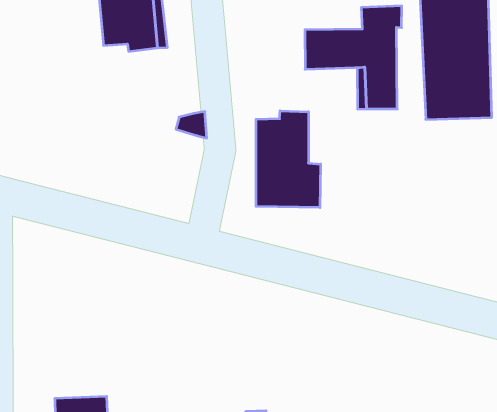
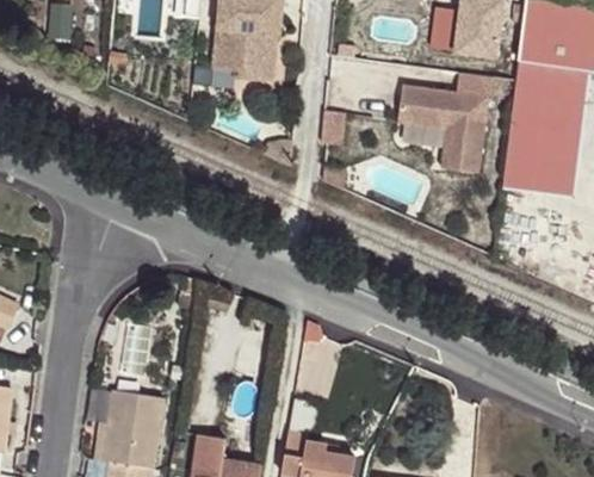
building: [256,111,321,208] -> none

